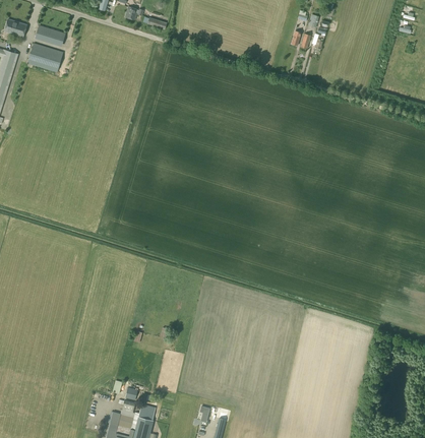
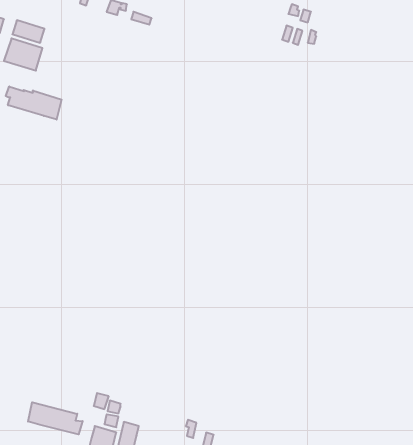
building: none -> [6,86,62,120]
building: none -> [28,402,83,434]

